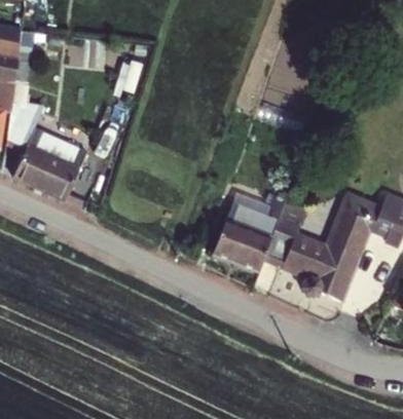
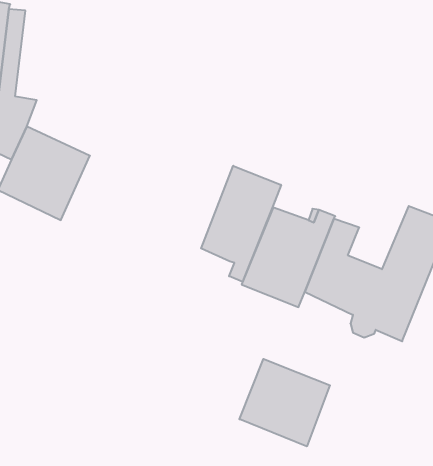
building: none -> [201,166,281,282]
building: none -> [239,359,330,446]

